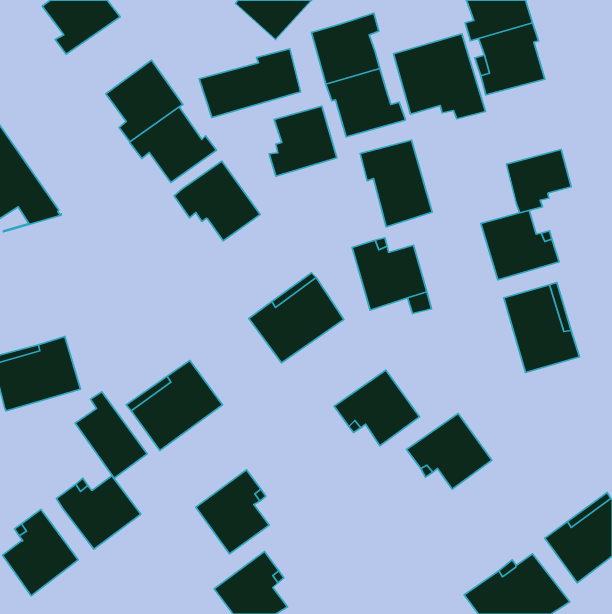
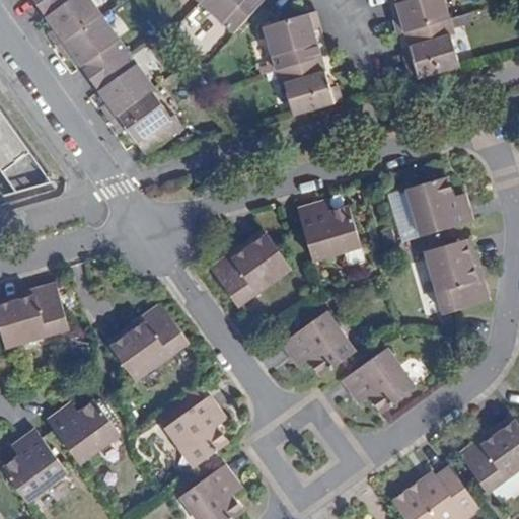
building: none -> [56,14,128,79]
building: [393,34,485,119] -> none
building: [199,49,300,117] -> none
building: [269,106,337,176] -> none
building: [360,140,432,227] -> none
building: [506,150,571,213] -> none
building: [174,161,260,241] -> none
building: [75,392,147,478] -> none

